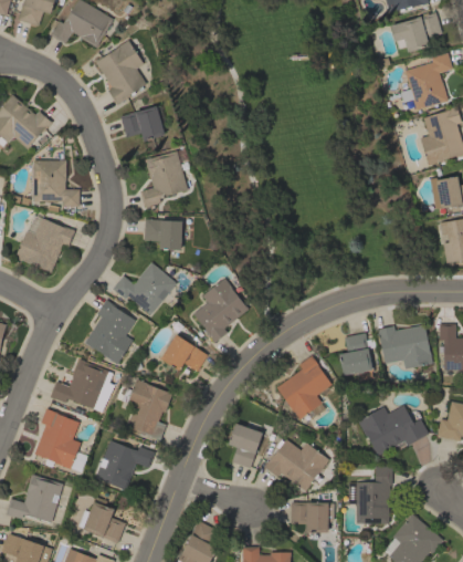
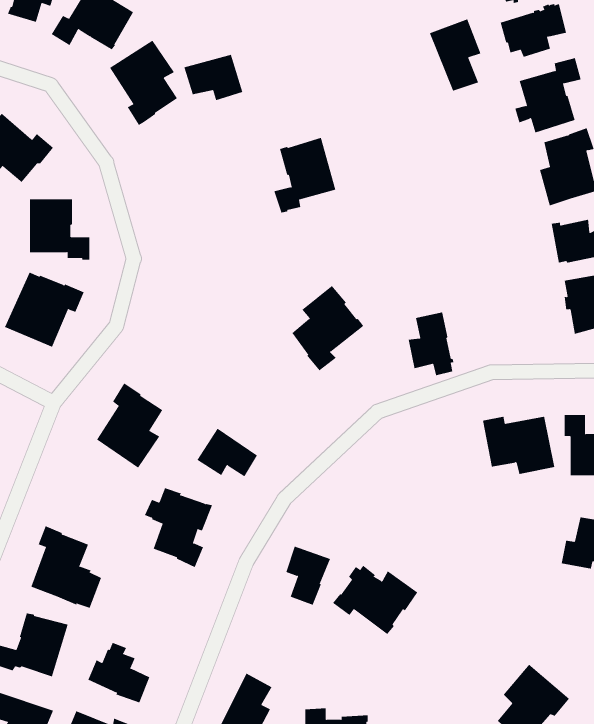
building: none -> [429,18,481,92]
building: [119,106,165,142] -> [183,54,243,101]
building: [139,150,187,208] -> [273,137,336,213]
building: [144,219,182,250] -> none
building: [112,262,177,315] -> none
building: [193,278,249,343] -> [291,285,364,371]
building: [338,333,373,382] -> [408,312,454,376]
building: [276,355,332,419] -> none
building: [50,360,112,409] -> none
building: [357,405,428,457] -> none
building: [95,440,155,490] -> none
building: [348,467,391,523] -> none
building: [291,502,334,533] -> none

